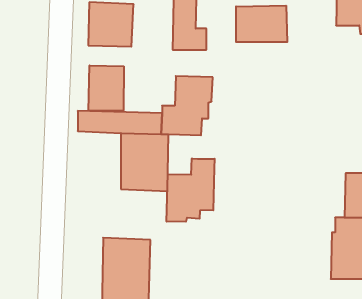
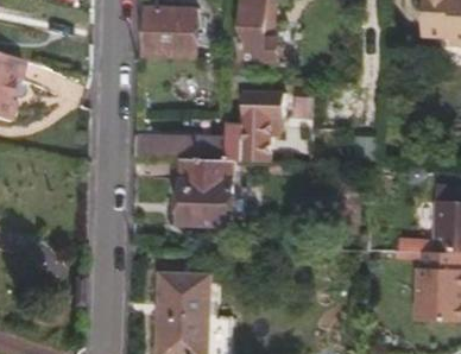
building: [236,6,287,42] -> none
building: [89,65,124,111] -> none
building: [167,158,215,222] -> none

